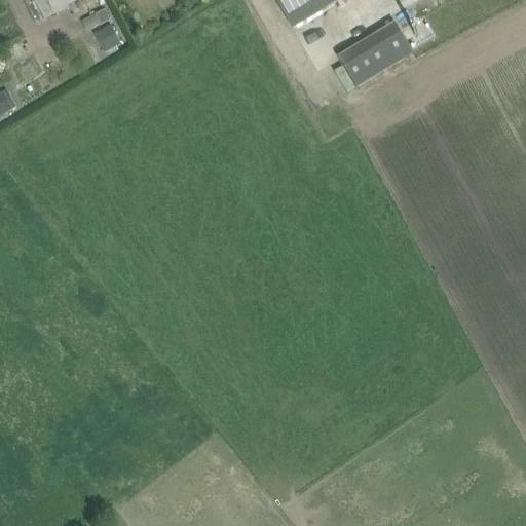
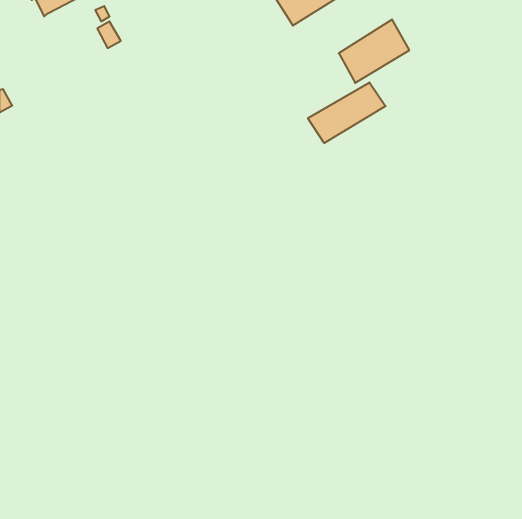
building: none -> [308,82,386,143]

